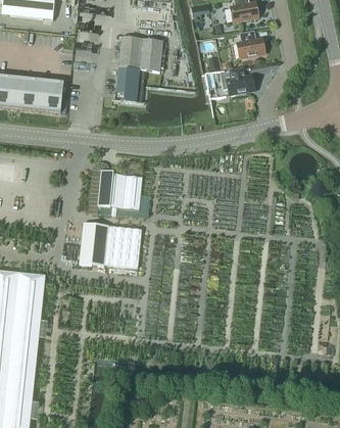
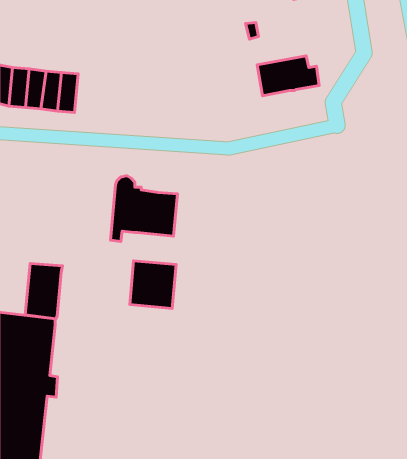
building: [237,30,264,57] -> none
building: [111,37,162,102] -> none
building: [79,222,108,266] -> [25,263,62,319]

